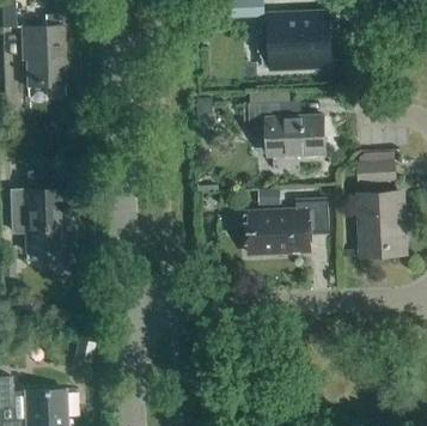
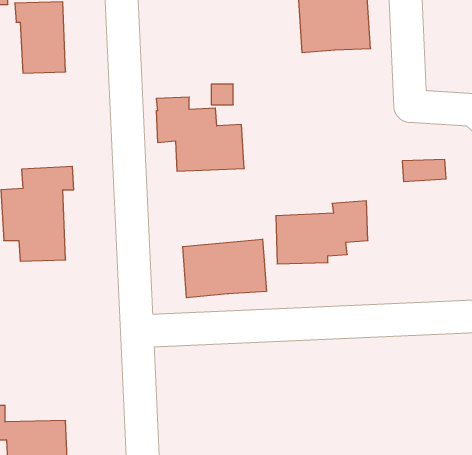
building: [250,91,327,156] -> [156,97,244,171]
building: [360,194,405,256] -> none
building: none -> [183,239,266,298]

